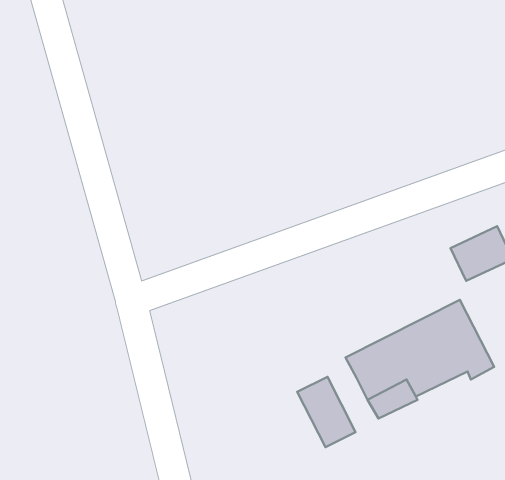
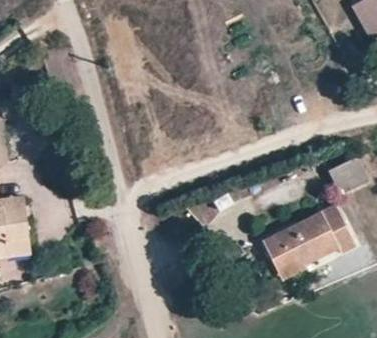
building: [297,377,356,447] -> none

